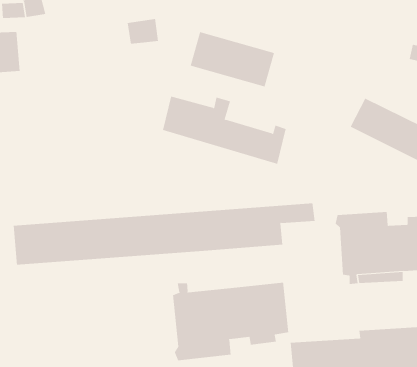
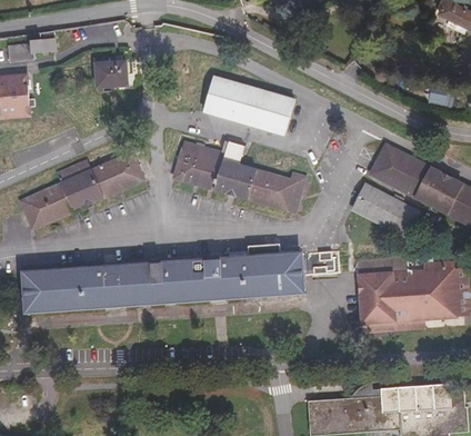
building: [127,19,159,44] -> [96,61,129,88]
building: none -> [21,155,143,227]
building: none -> [352,182,418,235]
building: [172,282,289,361] -> none

